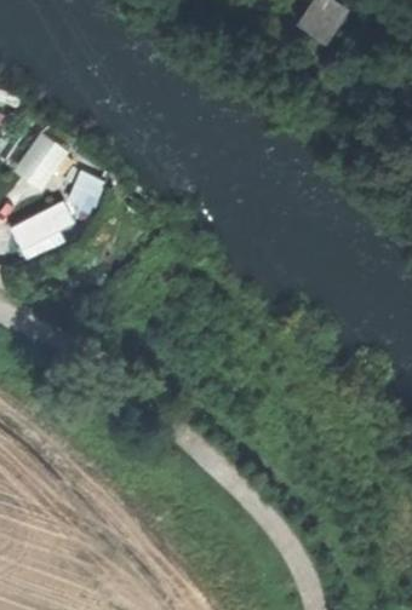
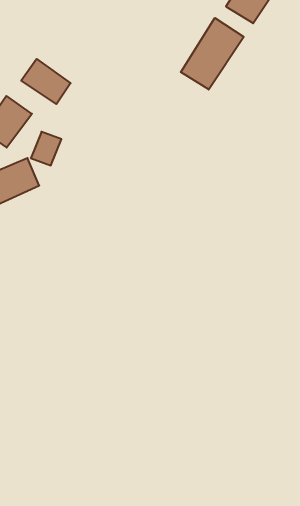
building: none -> [181,18,244,90]
building: none -> [21,59,71,104]

